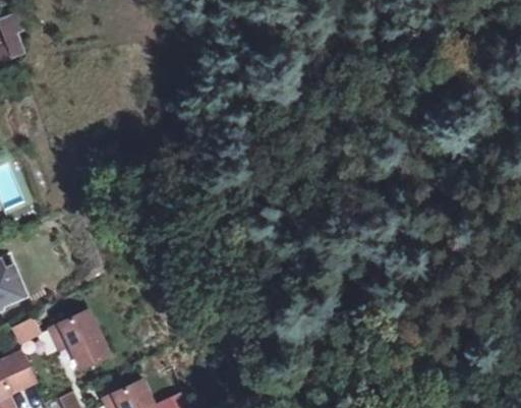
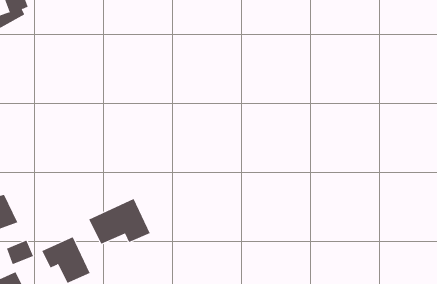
building: none -> [89,198,150,245]

